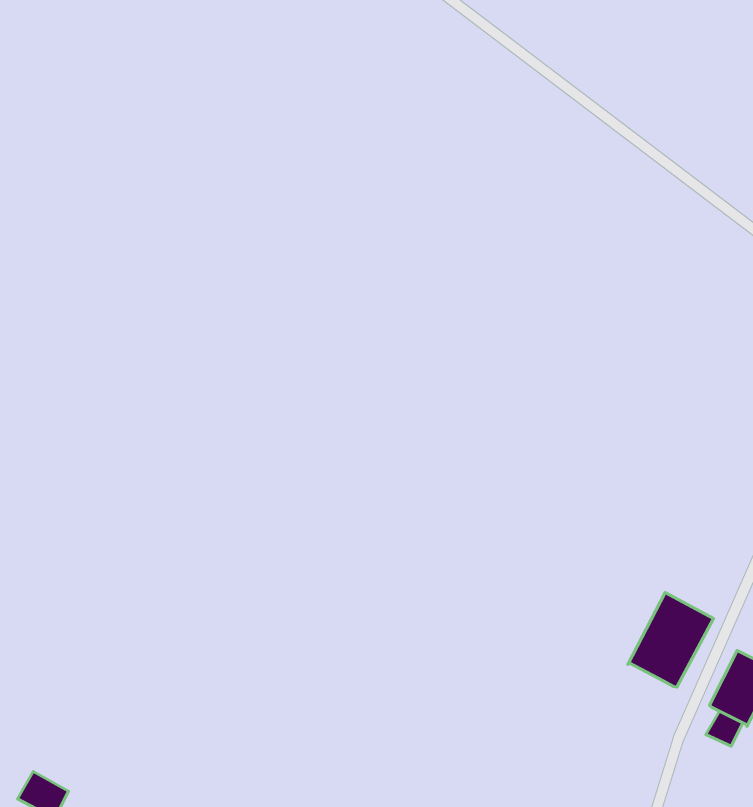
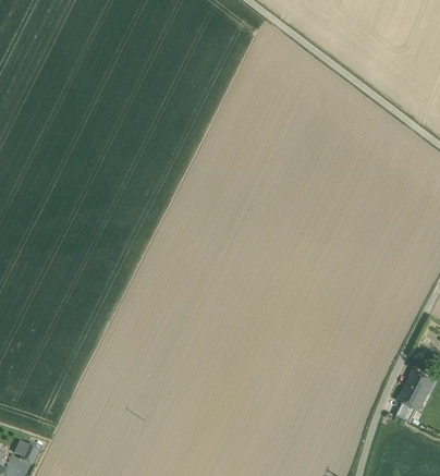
building: [628,593,714,687] -> none

